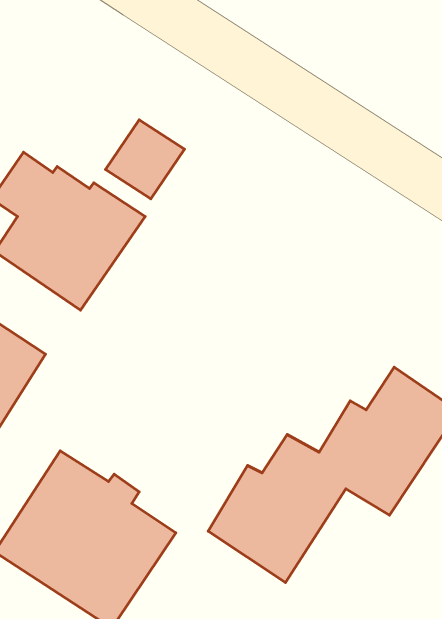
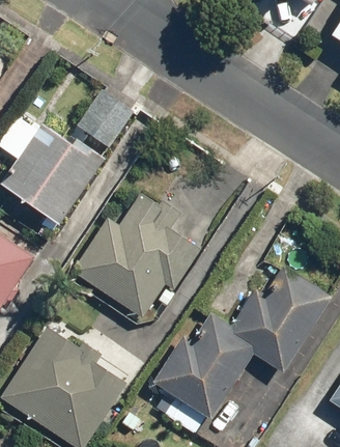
building: none -> [72,192,201,317]

